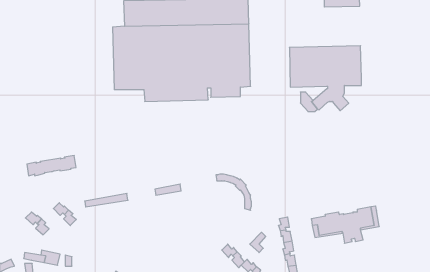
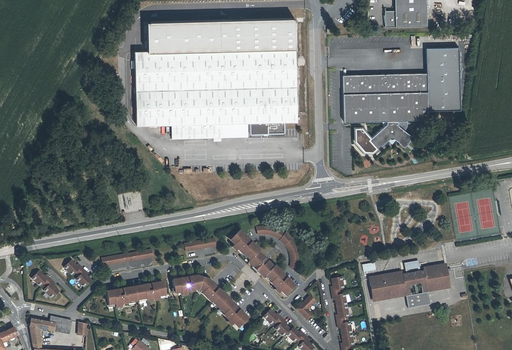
building: none -> [427,48,461,112]
building: [27,156,76,176] -> [106,281,164,305]
building: none -> [229,230,294,295]
building: none -> [172,275,247,327]

